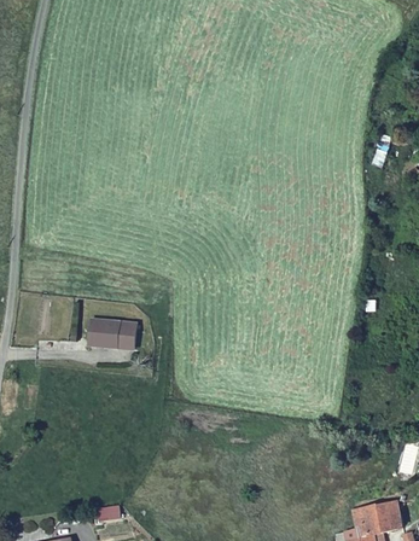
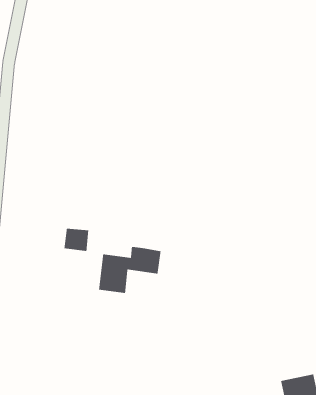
building: none -> [98,246,161,294]

